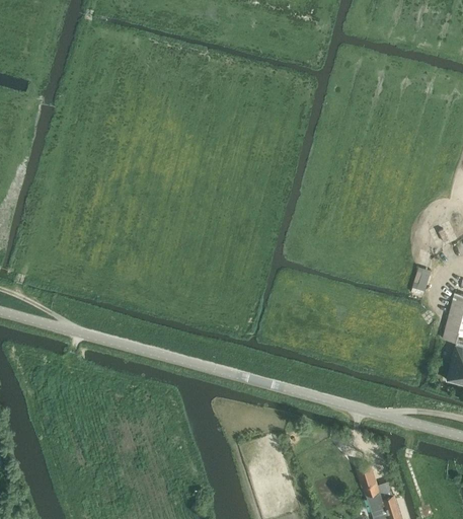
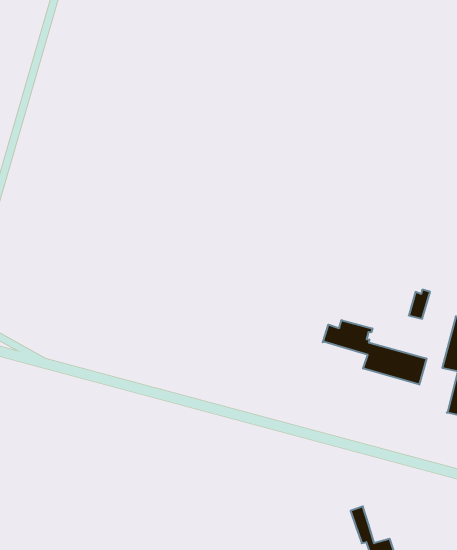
building: none -> [323,320,426,385]

